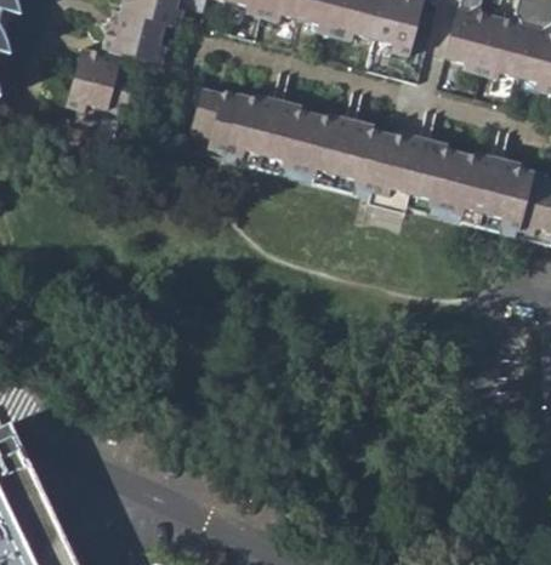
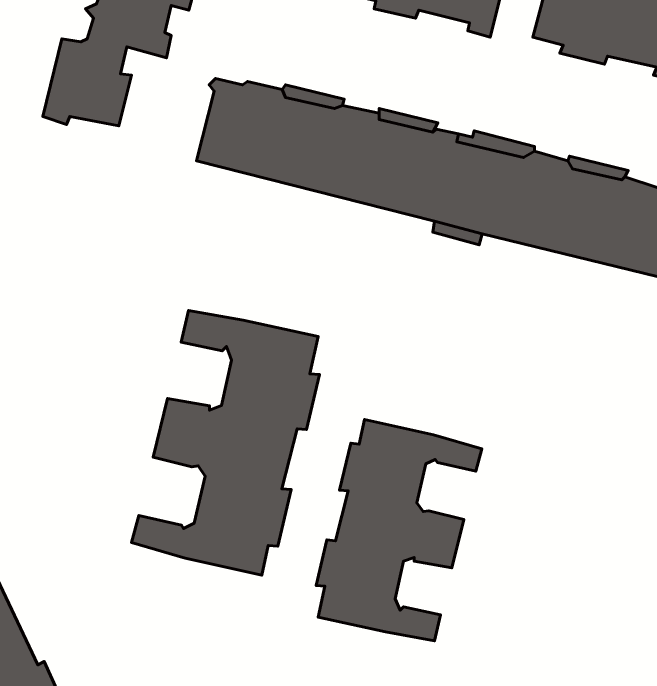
building: none -> [132,311,319,575]
building: none -> [316,420,482,641]

